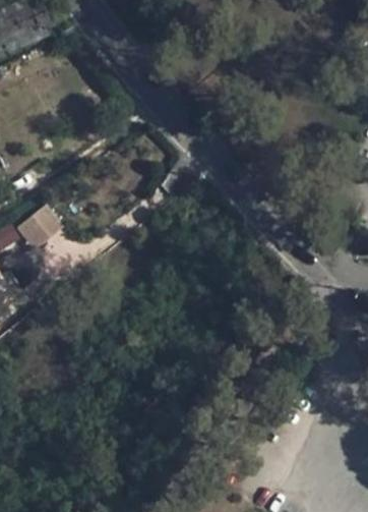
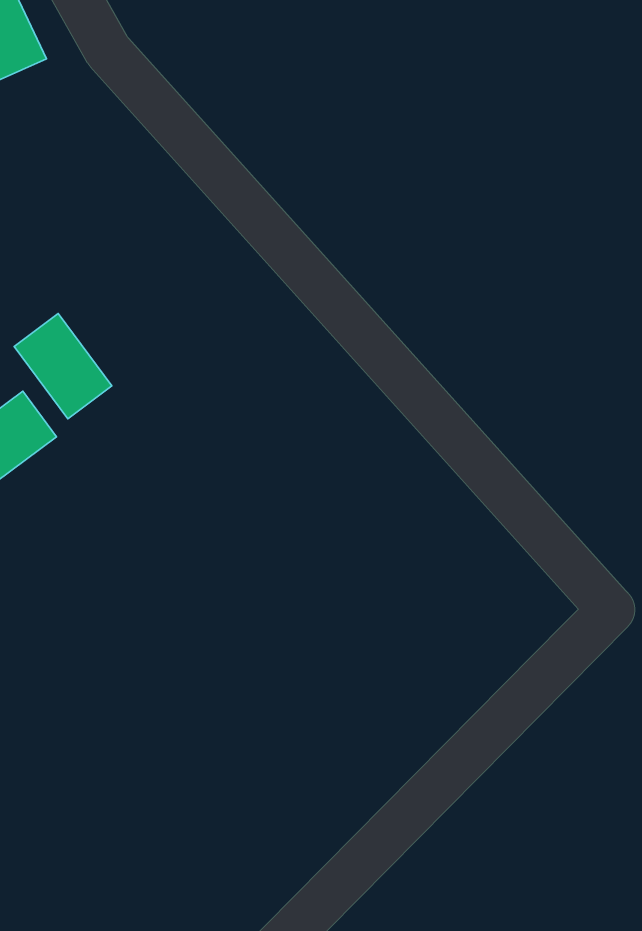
building: none -> [14,314,112,419]

